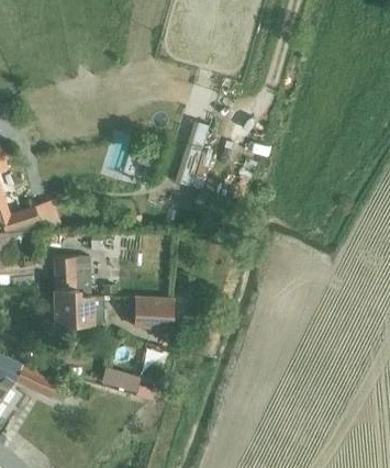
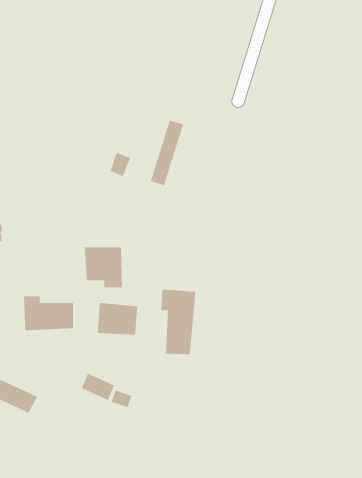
building: [54,257,91,297] -> [84,247,123,288]
building: none -> [161,289,196,355]

